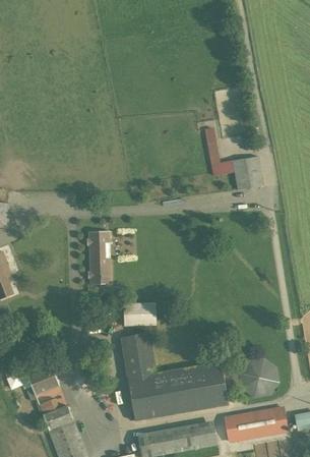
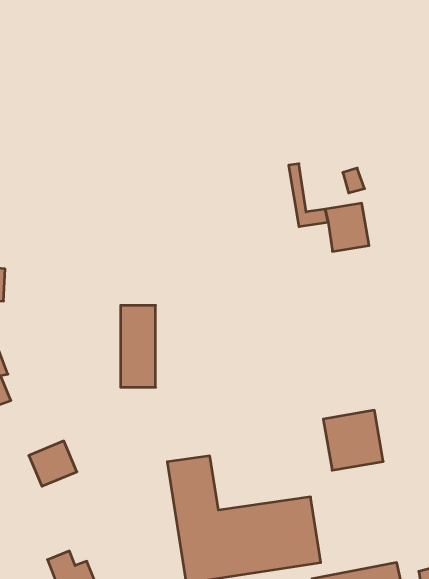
building: [121,302,154,325] -> none
building: [241,355,283,397] -> [323,410,383,470]
building: [24,364,58,396] -> [29,441,77,486]

